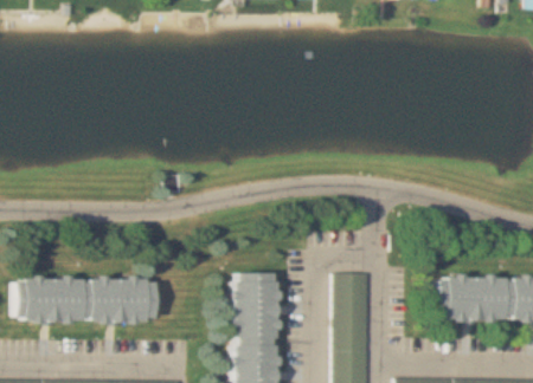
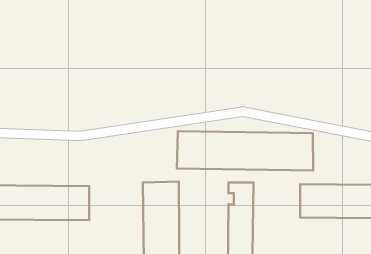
building: none -> [177,131,313,171]

